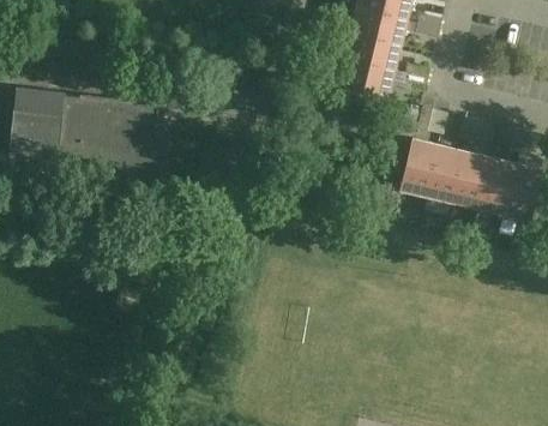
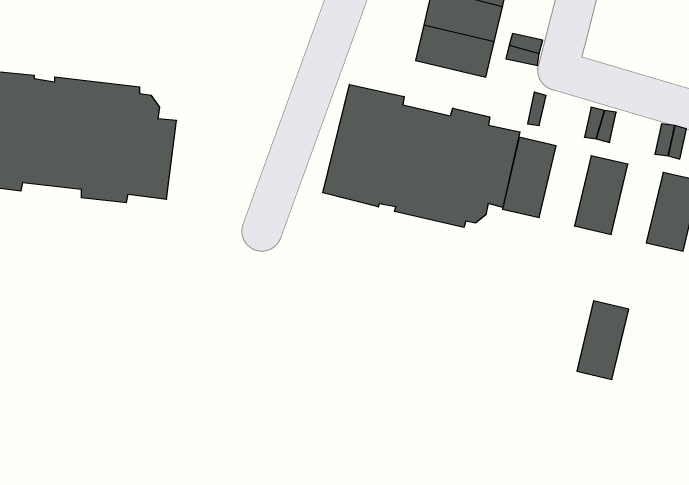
building: none -> [323,84,520,227]
building: [427,142,464,199] -> none
building: [478,155,516,211] -> [577,301,629,379]

